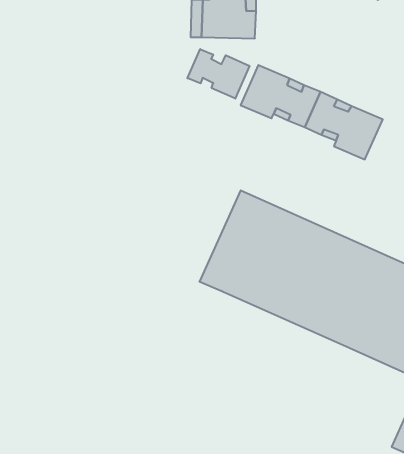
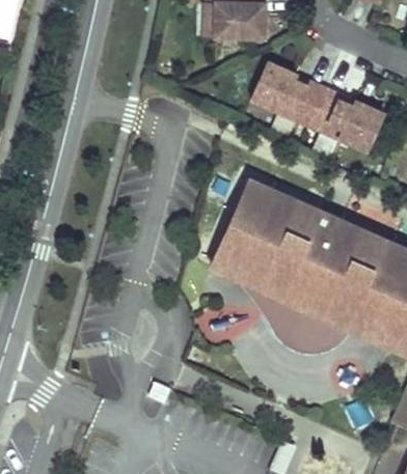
building: [187,49,249,99] -> none
building: none -> [234,275,352,353]

